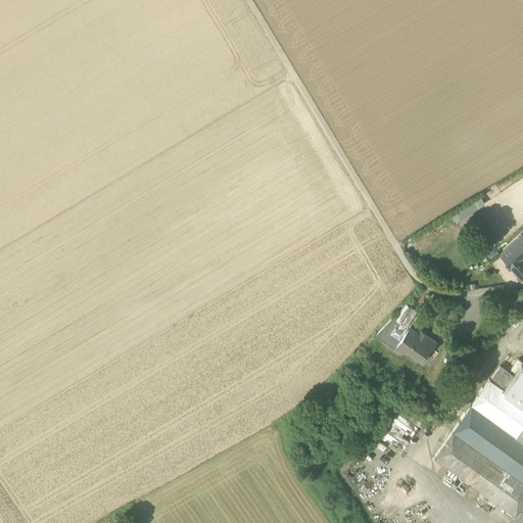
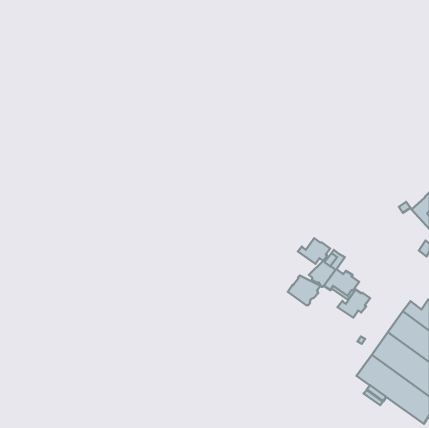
building: none -> [298,238,330,264]
building: none -> [288,276,320,305]
building: none -> [338,290,370,318]

